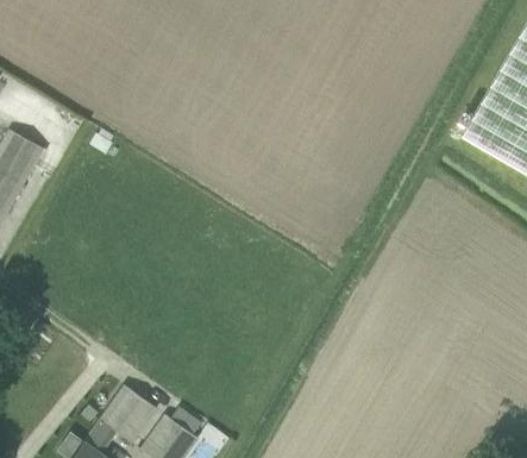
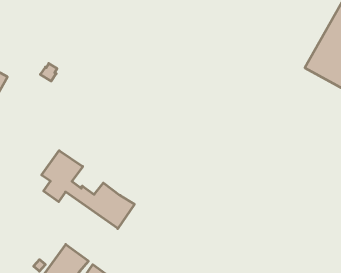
building: none -> [42,151,134,229]

